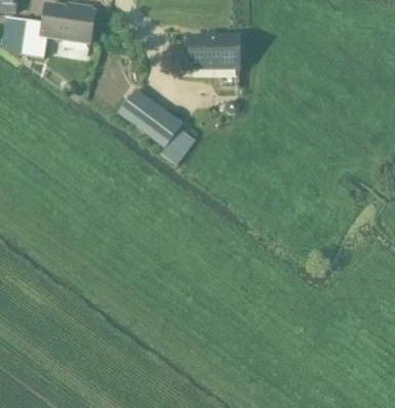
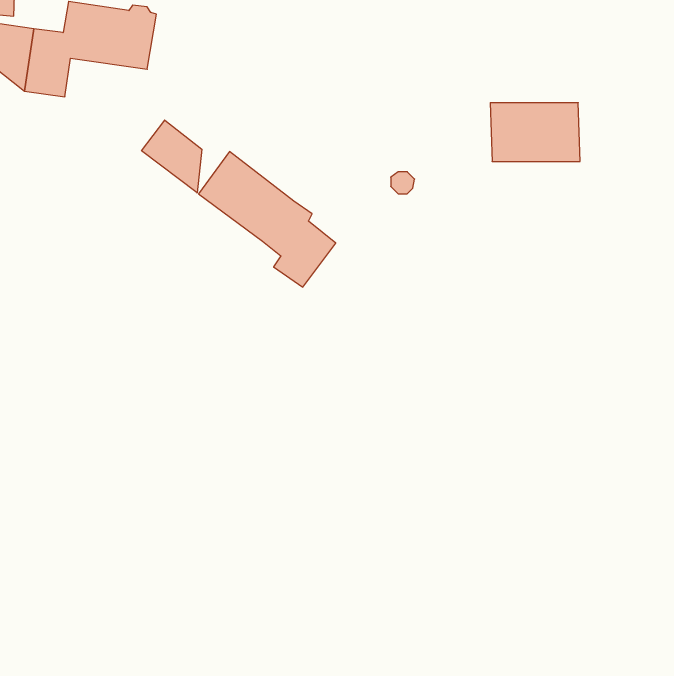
building: [190,35,240,68] -> [490,103,580,161]
building: none -> [142,120,202,193]

